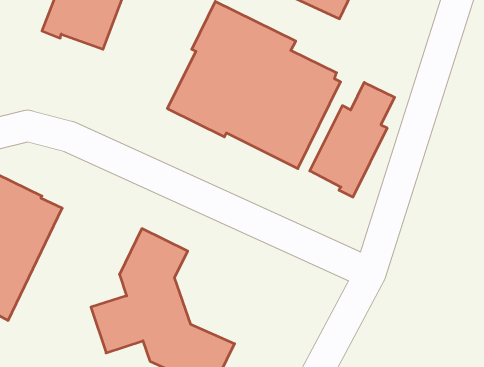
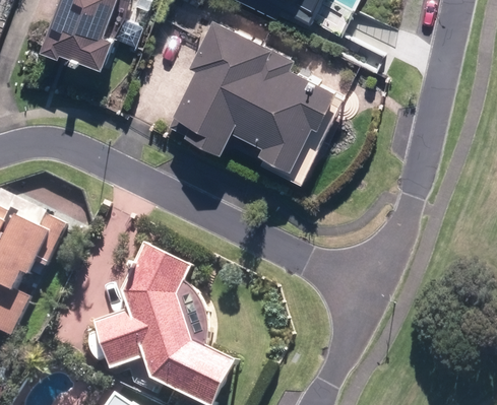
building: [310,82,395,197] -> none

